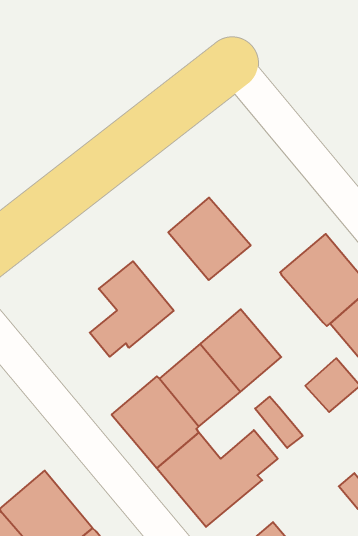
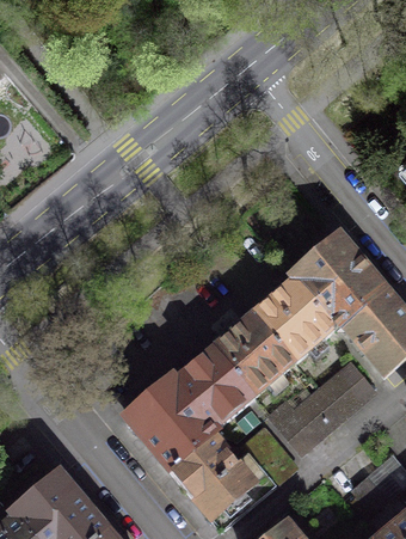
building: [168,198,251,280] -> [254,276,337,359]
building: [90,261,174,357] -> none
building: none -> [293,387,343,437]

